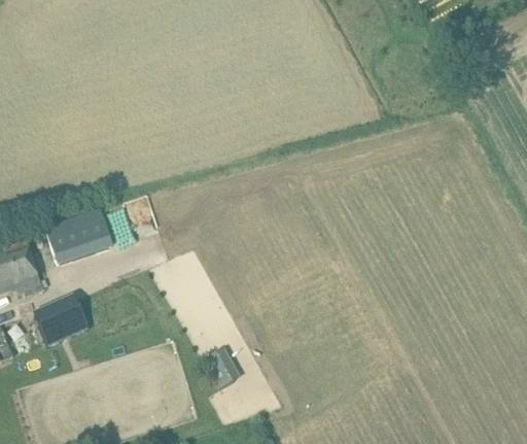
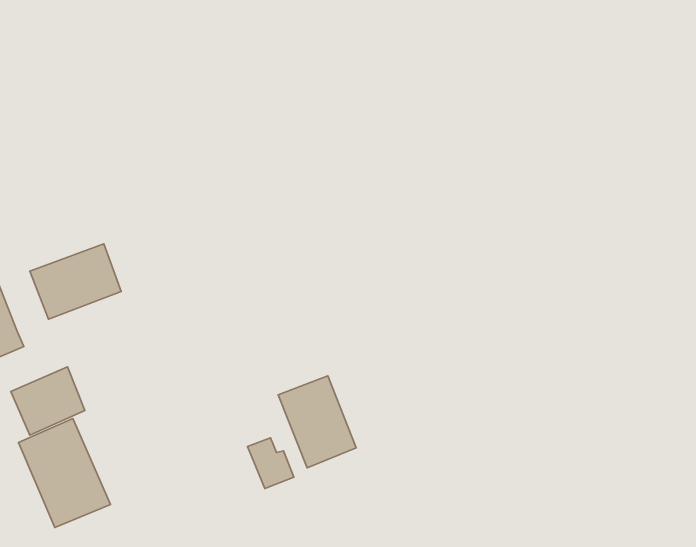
building: none -> [278,376,356,468]
building: none -> [18,418,110,528]

